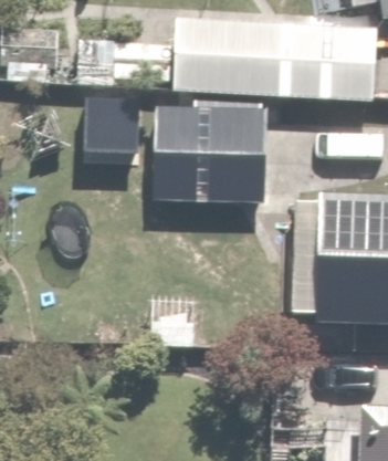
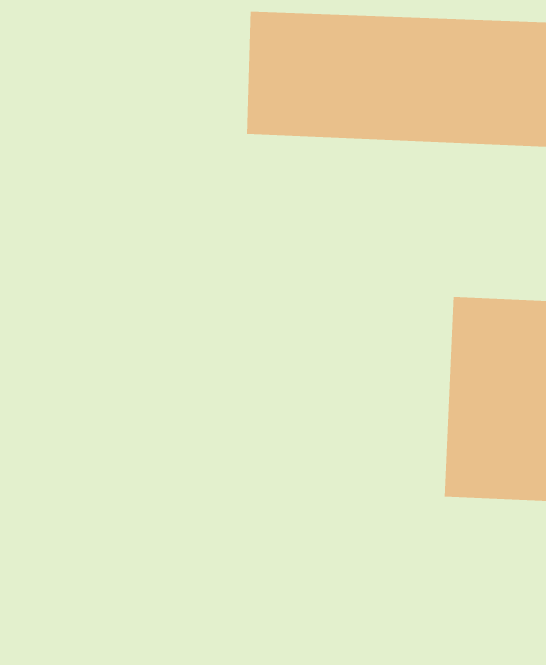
building: [154,101,262,203] -> none

